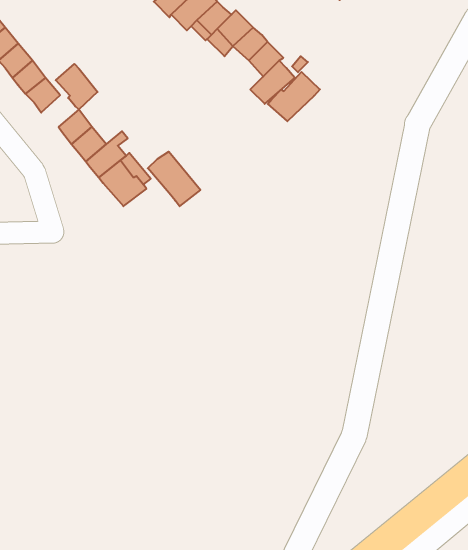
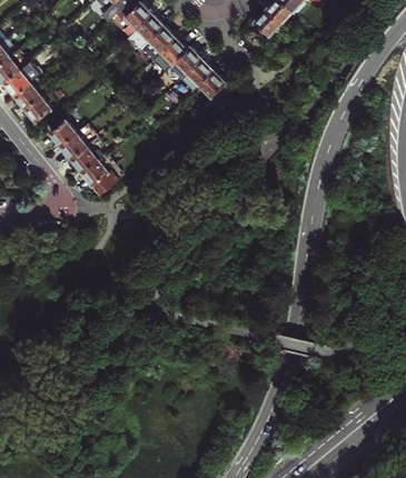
building: [56,64,98,110] -> none
building: [268,72,320,121] -> none
building: [148,152,200,206] -> none

